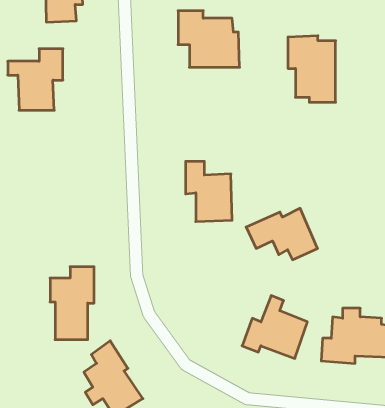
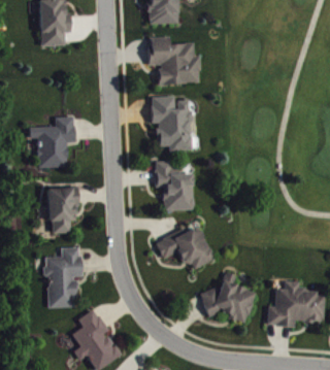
building: [288,36,336,102] -> [151,96,190,150]
building: [8,49,63,110] -> [29,116,74,167]
building: none -> [47,188,77,233]
building: [246,208,318,260] -> [155,226,213,268]

